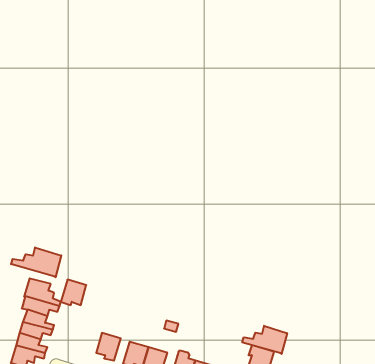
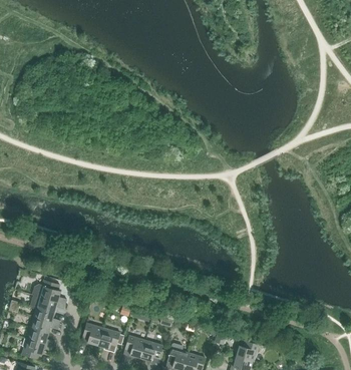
building: [11,247,61,277] -> none
building: [61,280,86,305] -> [80,323,103,346]
building: [242,326,287,354] -> none

